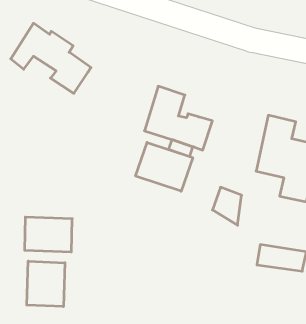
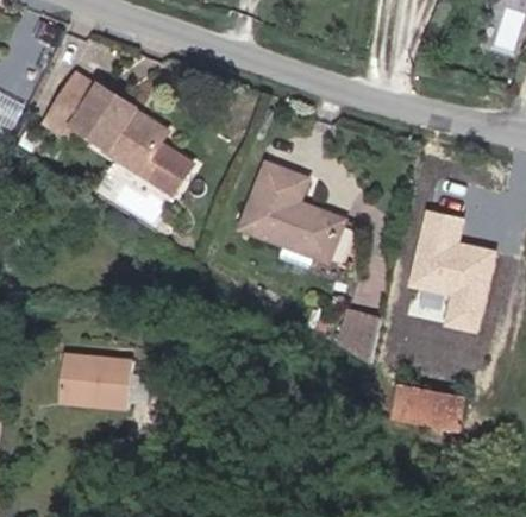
building: none -> [140,141,188,187]
building: [136,142,193,191] -> none
building: [27,261,65,307] -> none

